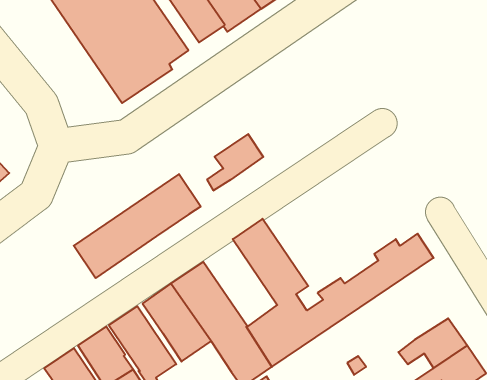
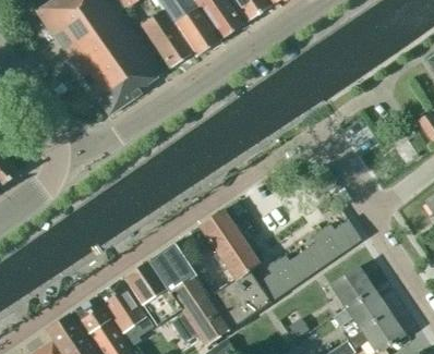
building: [207,134,263,191] -> none
building: [74,174,201,278] -> none
building: none -> [330,266,373,307]

